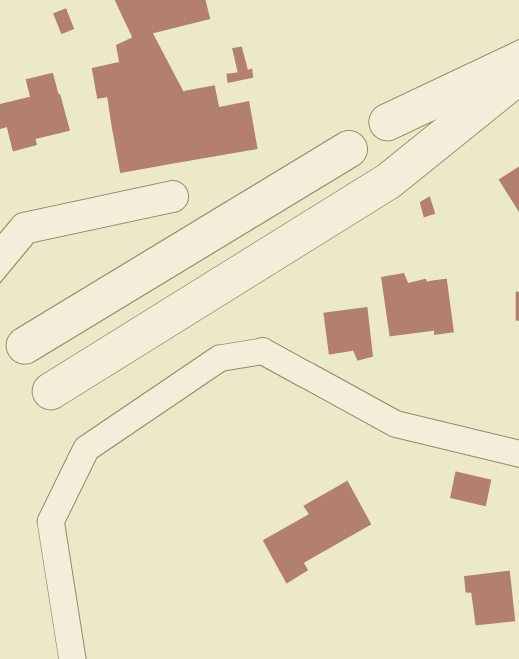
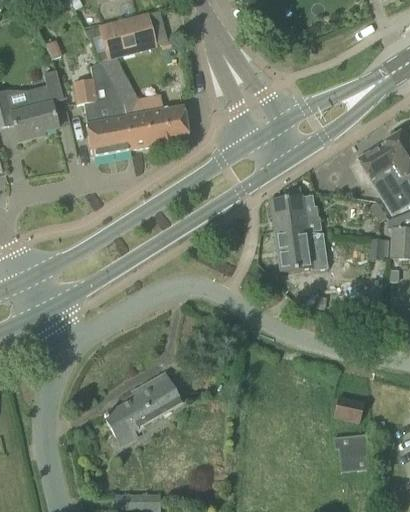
building: [322,307,374,361] -> [271,193,307,231]
building: [449,471,492,507] -> [334,396,364,421]
building: [262,480,372,584] -> [105,372,182,445]

